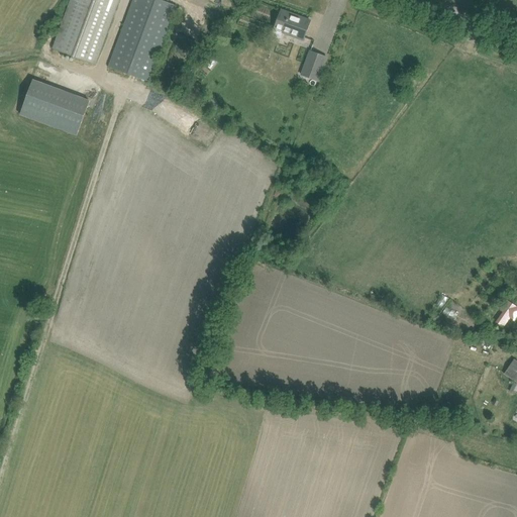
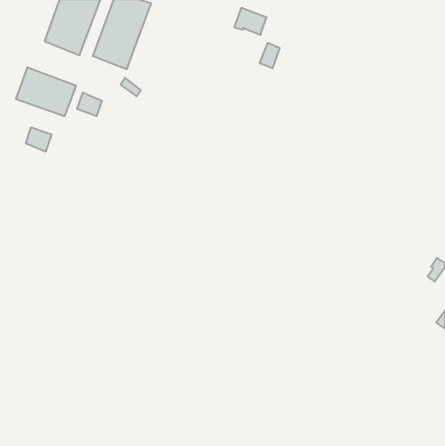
building: none -> [77,92,102,116]
building: none -> [26,127,51,152]

